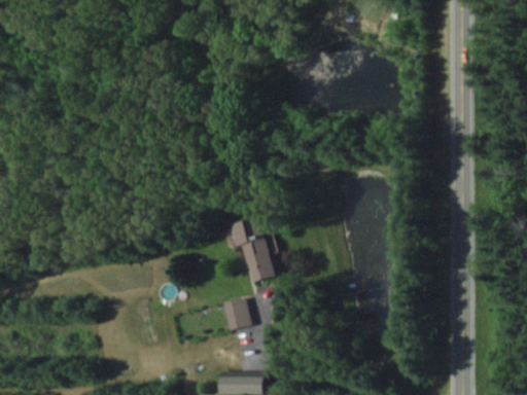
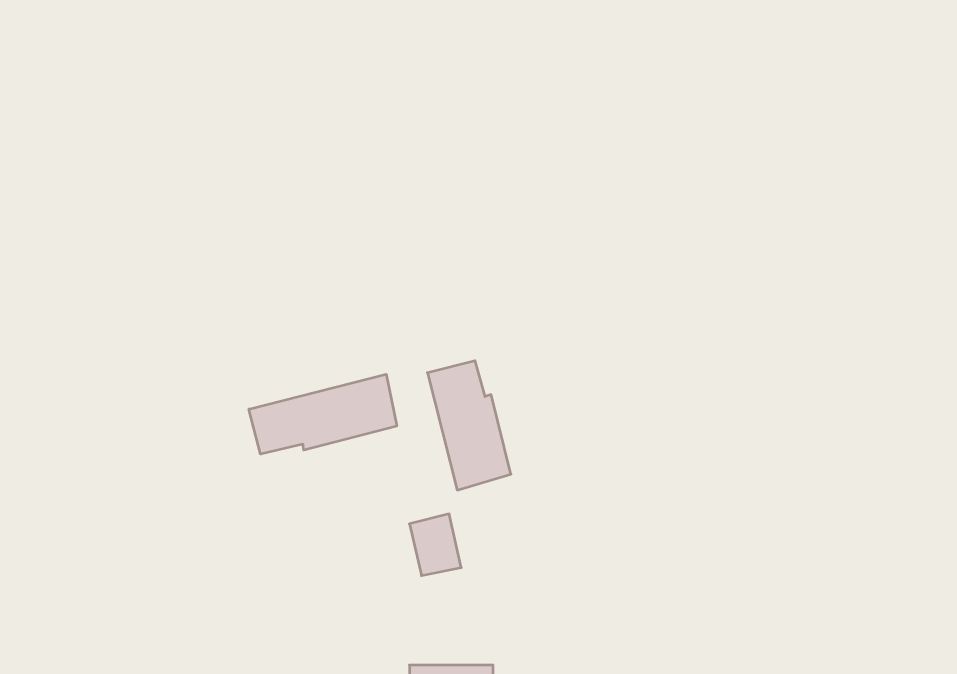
building: none -> [249,374,397,454]

